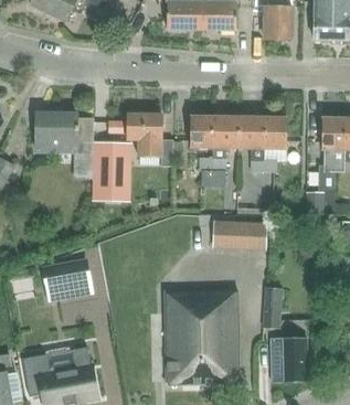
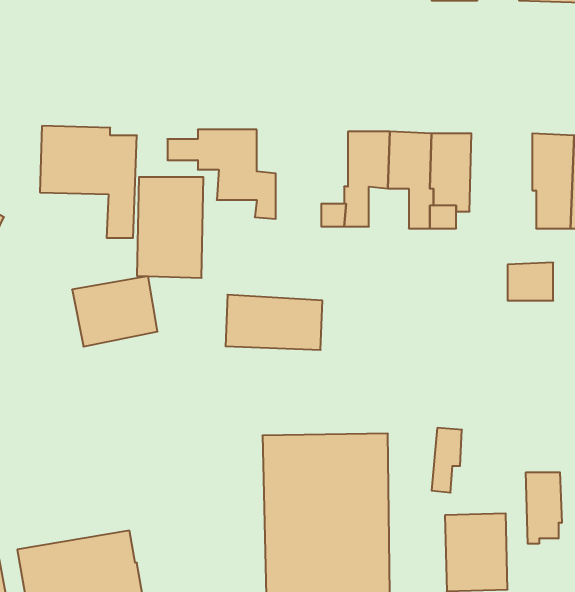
building: [190,114,214,147] -> none
building: [211,219,267,251] -> [225,295,322,350]
building: [42,260,92,301] -> [72,276,158,347]
building: none -> [526,472,562,544]

